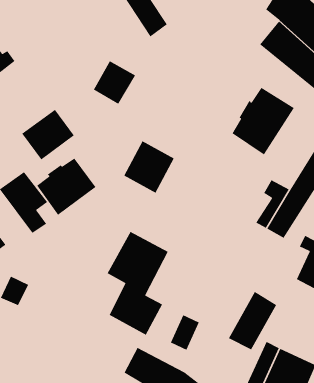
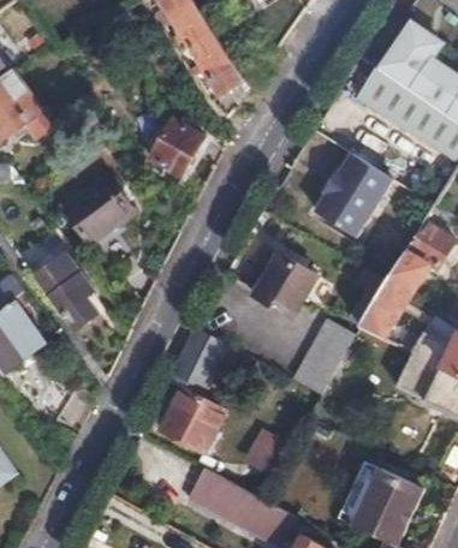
building: [123,140,175,194] -> [256,252,319,317]
building: [36,158,97,216] -> none
building: [228,291,277,350] -> [292,320,352,392]

